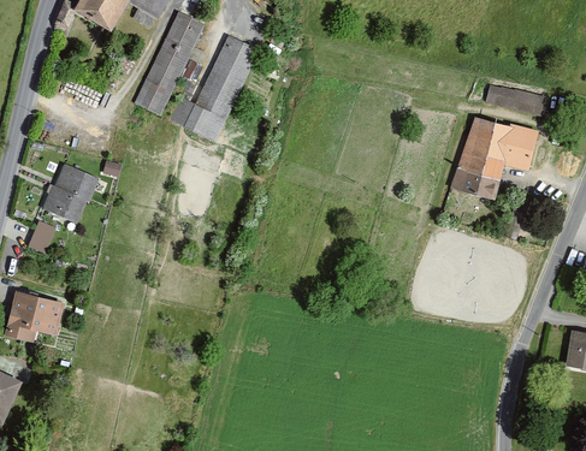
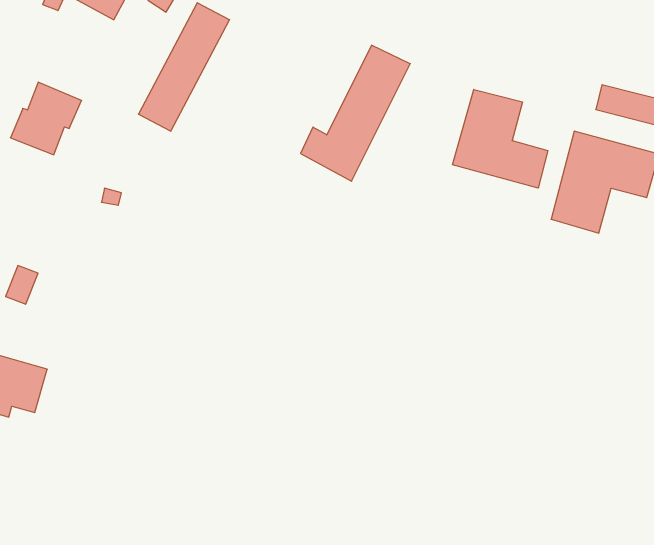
building: [176,36,261,142] -> [301,45,410,181]
building: none -> [452,89,548,188]
building: [42,165,97,221] -> [10,82,82,155]

